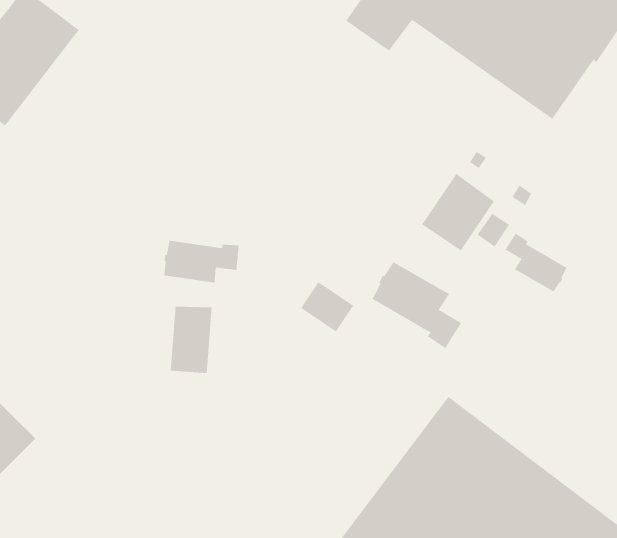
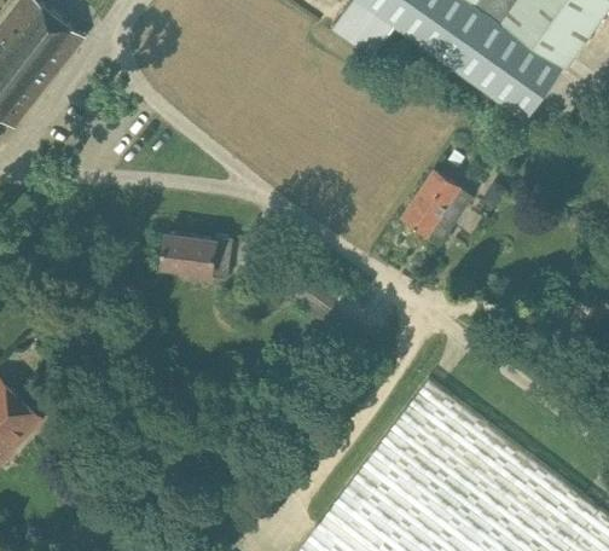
building: [505,233,568,292] -> none
building: [371,261,462,349] -> none
building: [170,306,212,374] -> none

